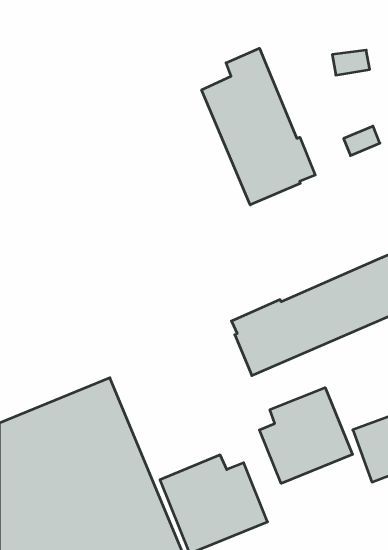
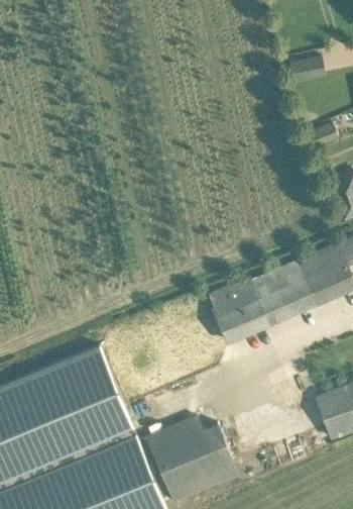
building: [202,48,315,205] -> none
building: [259,388,353,483] -> none

